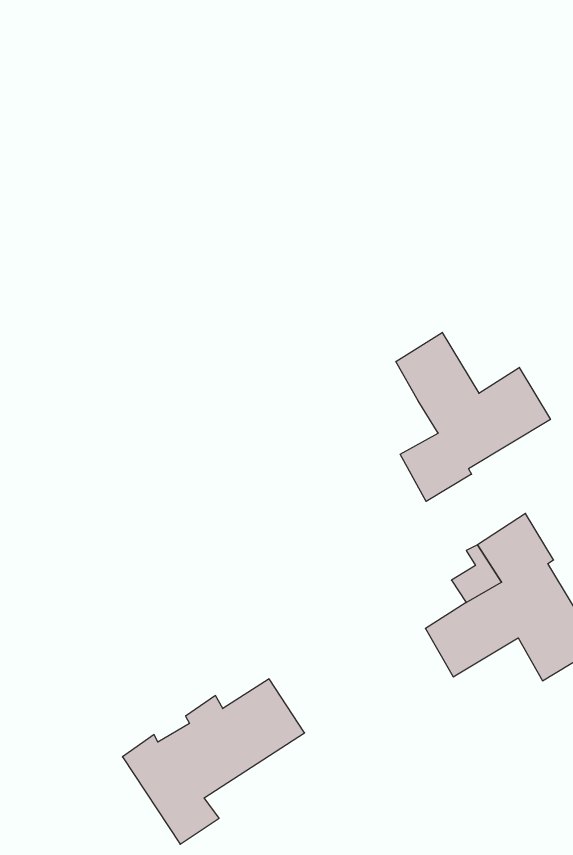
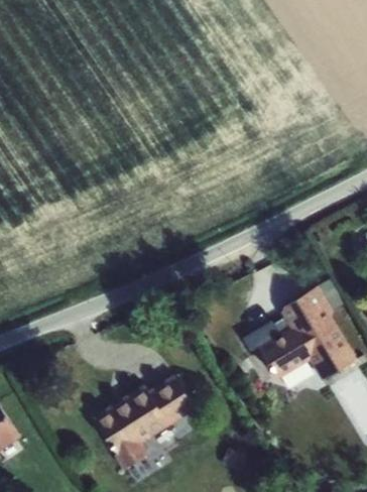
building: [396,332,550,501] -> none

